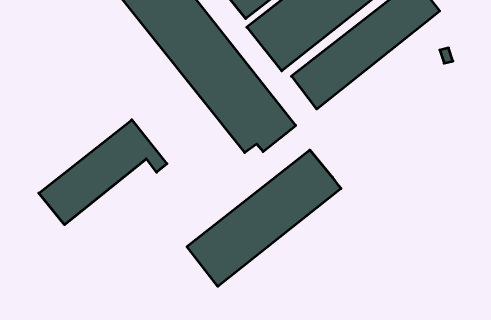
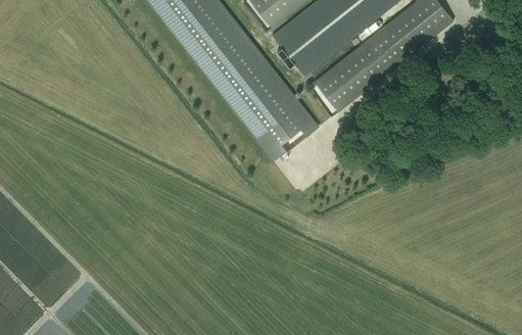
building: [39,120,167,225] -> none
building: [187,150,341,286] -> none

